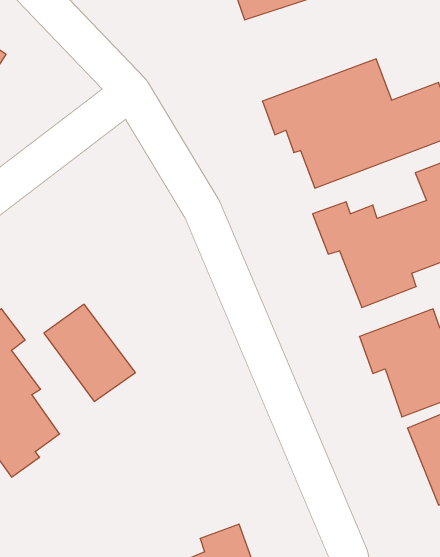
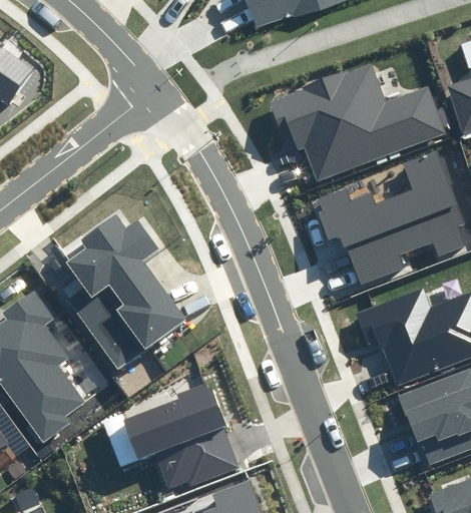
building: none -> [67,215,190,346]
building: none -> [123,381,241,494]

